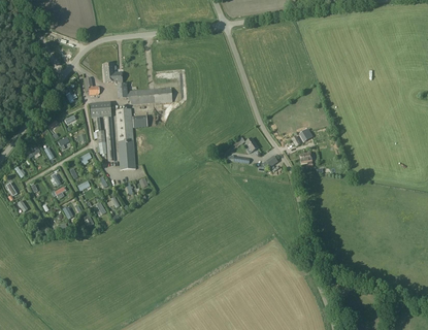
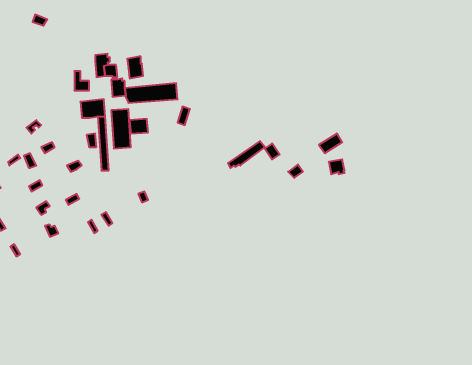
building: [119,141,135,170] -> none

